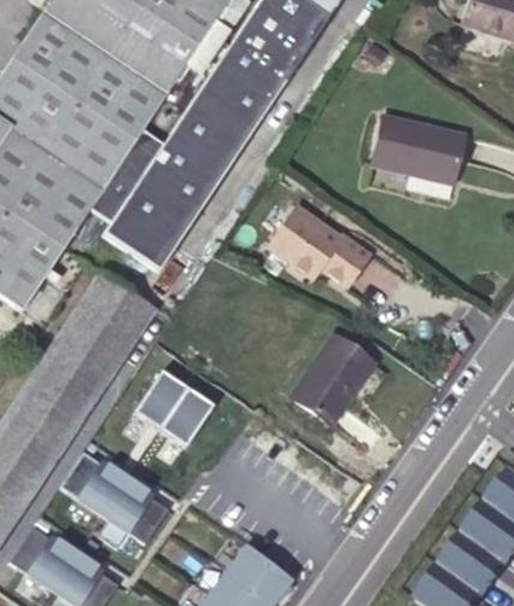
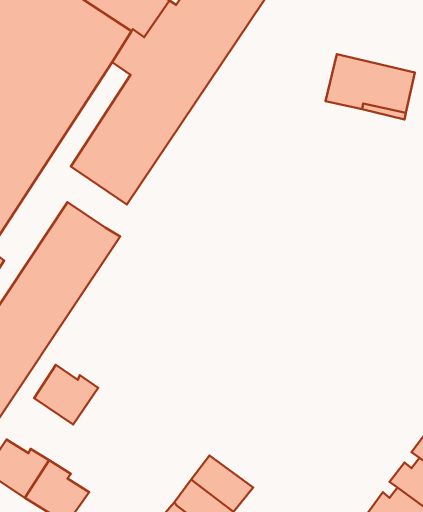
building: [270,200,373,279] -> none
building: [298,328,379,430] -> none
building: [138,365,216,441] -> none
building: [104,470,171,537] -> none

